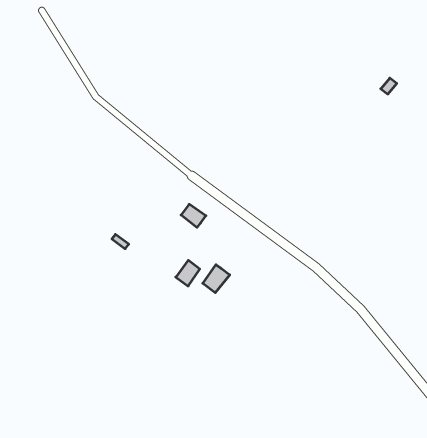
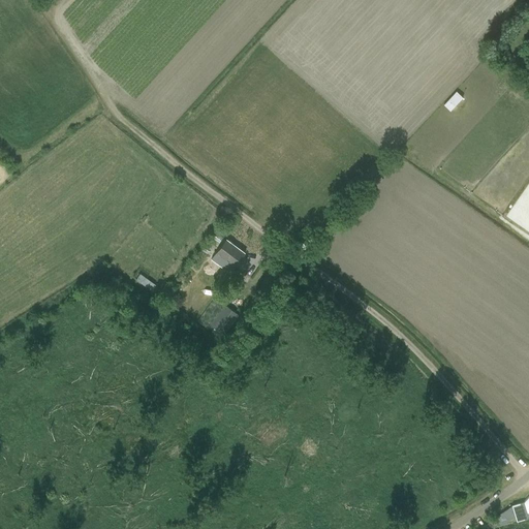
building: [203,265,230,293] -> none

